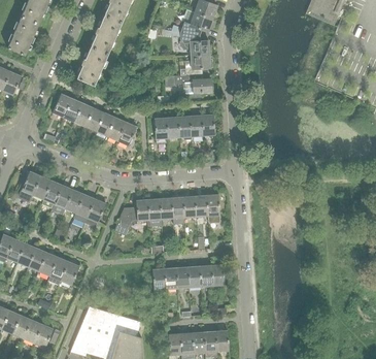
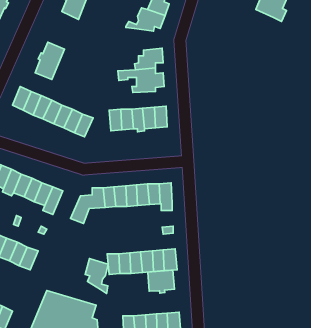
building: [90,14,122,54] -> none
building: [180,32,209,55] -> none
building: none -> [85,259,108,294]
building: none -> [148,270,174,293]

